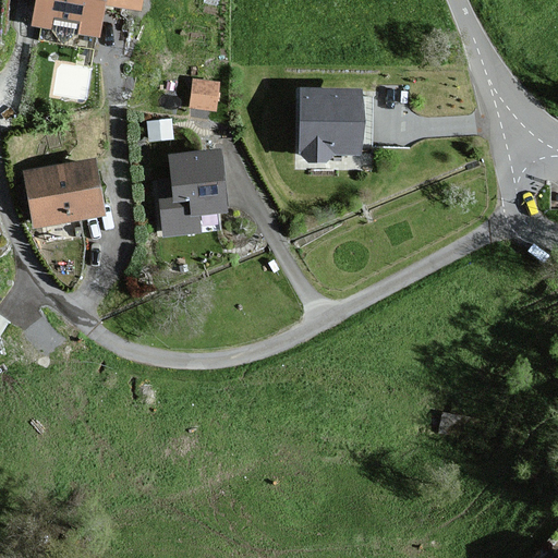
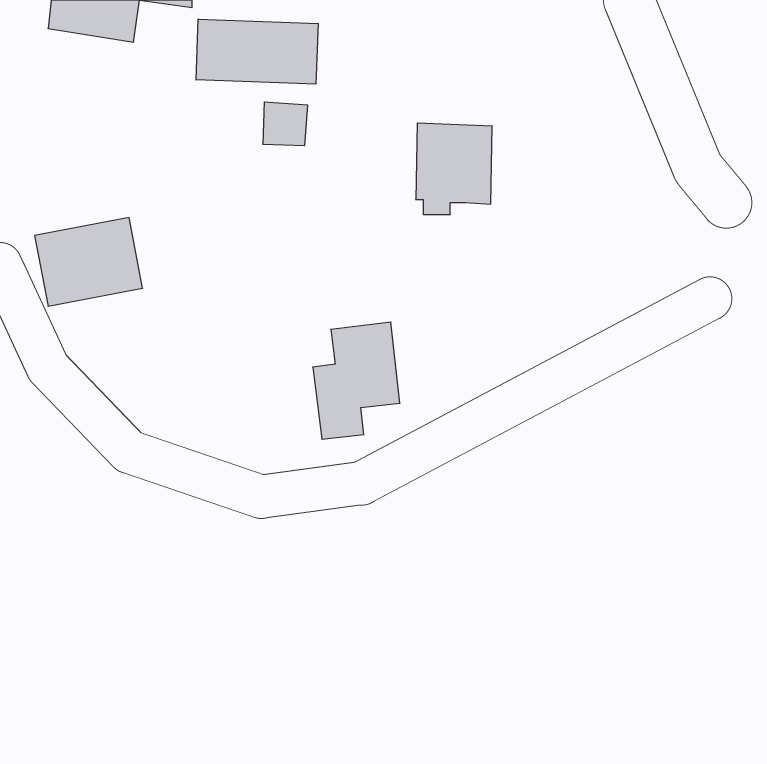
building: none -> [196,19,318,84]
building: [160,149,223,234] -> [313,322,400,439]

